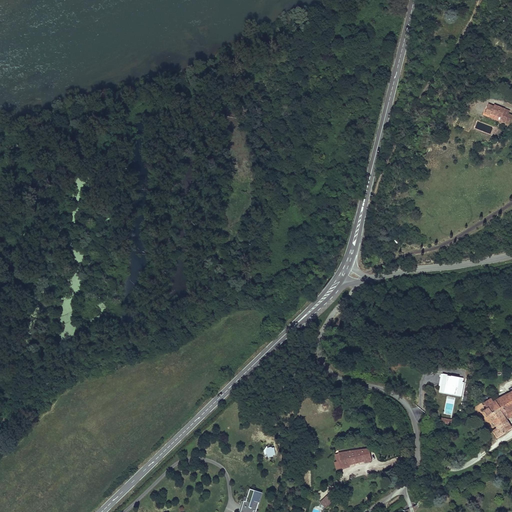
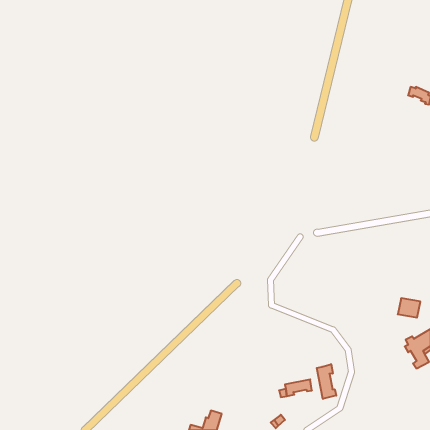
building: [439,372,466,395] -> [398,298,420,318]
building: none -> [317,364,336,399]

